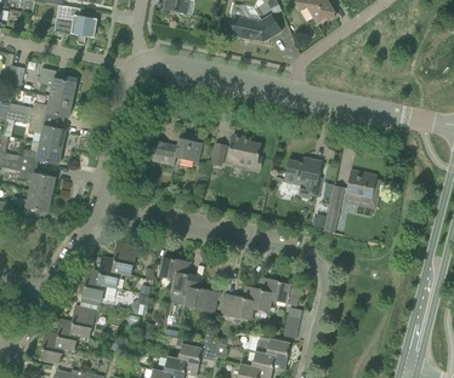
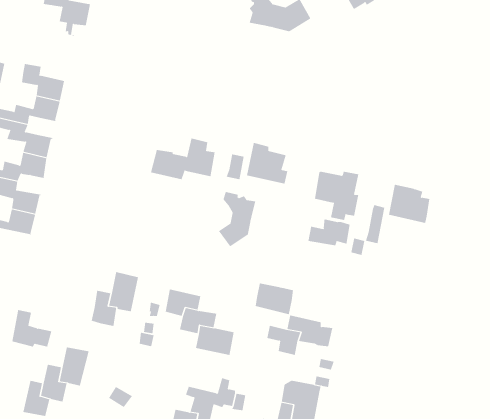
building: none -> [218,191,256,247]
building: none -> [308,219,350,246]
building: [83,269,117,300] -> [12,309,52,347]
building: [222,293,255,320] -> [255,283,294,315]

